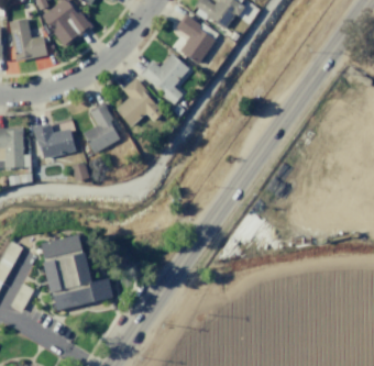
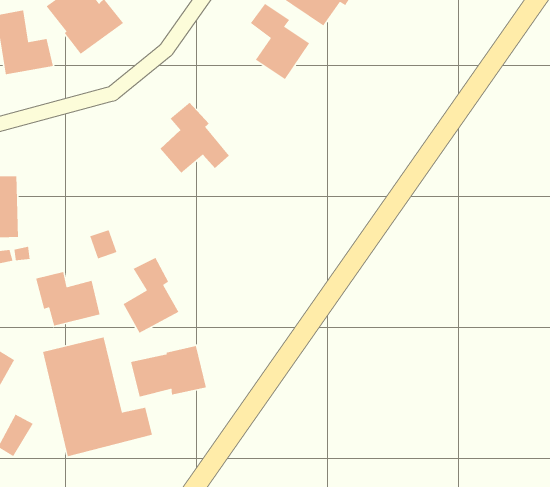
building: [140,53,189,103] -> none
building: [82,102,120,153] -> [122,257,179,334]
building: [32,122,75,158] -> [35,271,101,327]
building: none -> [130,345,207,398]

